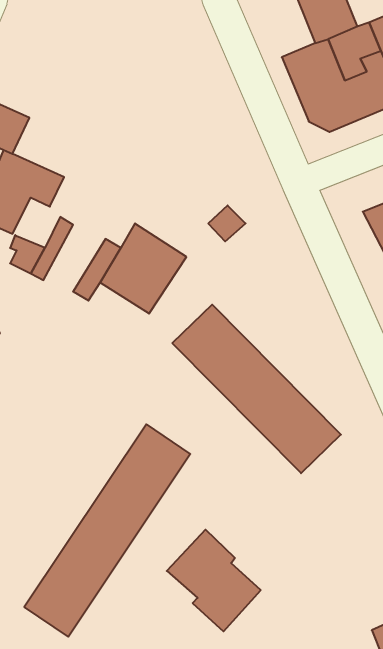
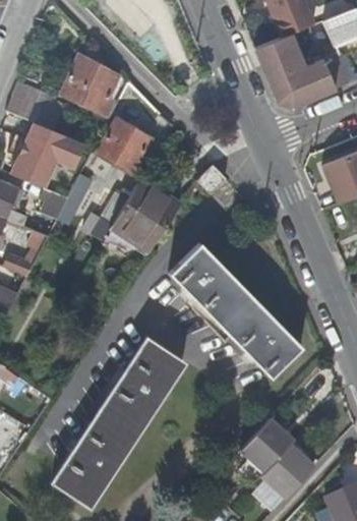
building: none -> [59,57,118,118]
building: none -> [97,120,151,174]
building: [167,530,261,631] -> [241,416,315,497]

